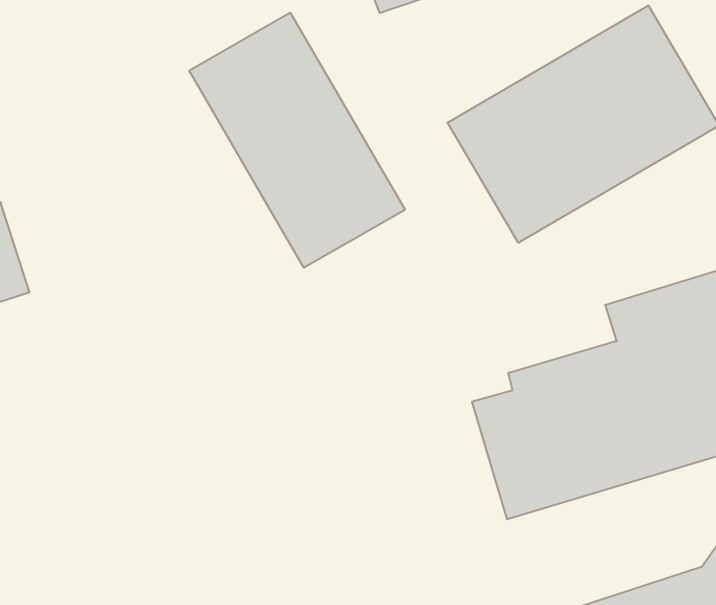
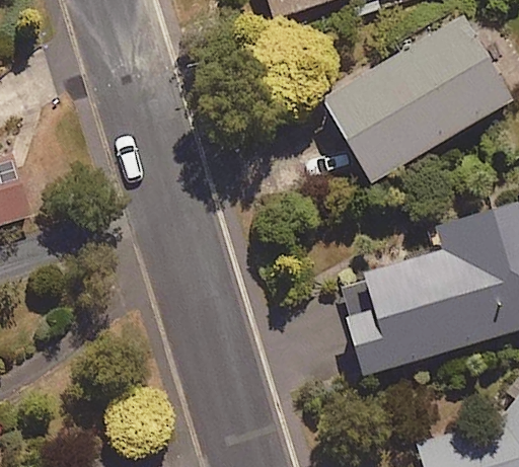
building: [189,13,405,268] -> none

